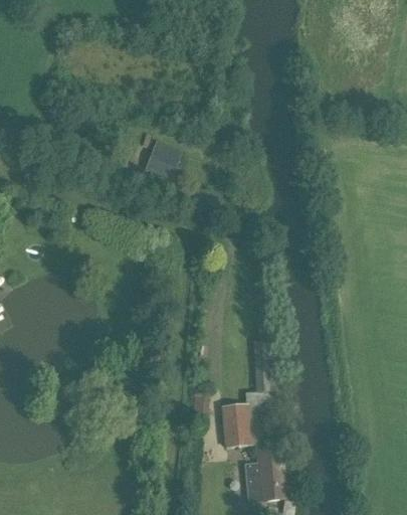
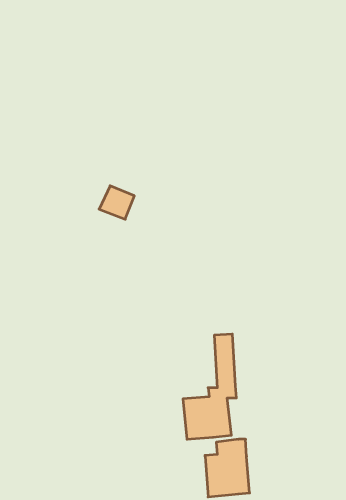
building: [146,143,181,176] -> [99,186,134,219]

